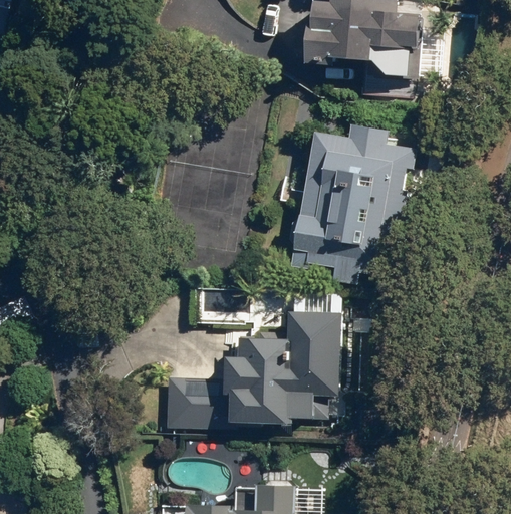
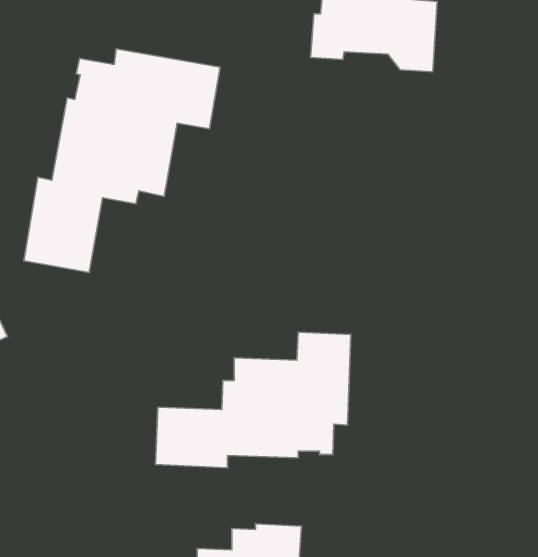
building: none -> [24,49,220,272]
building: [287,131,414,288] -> none

